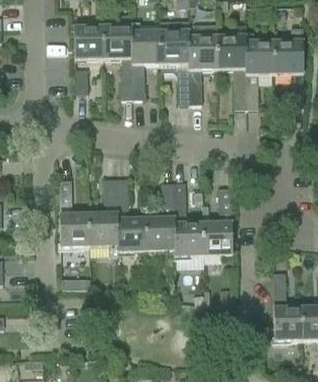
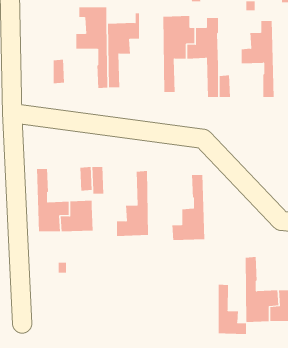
building: [154,21,189,105] -> none
building: [73,26,109,60] -> none
building: [245,42,278,74] -> none
building: [173,184,207,257] -> none
building: [116,219,150,252] -> none
building: none -> [218,284,247,335]

